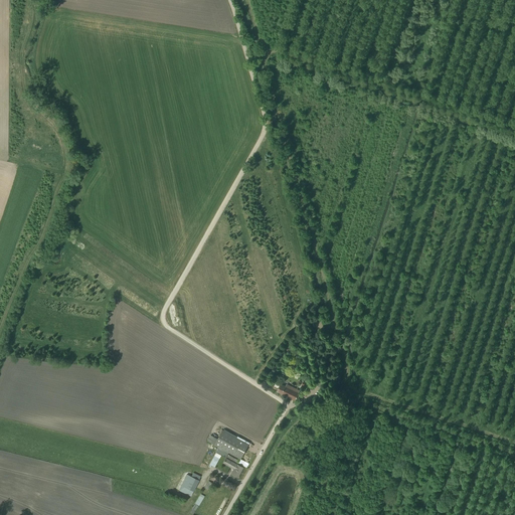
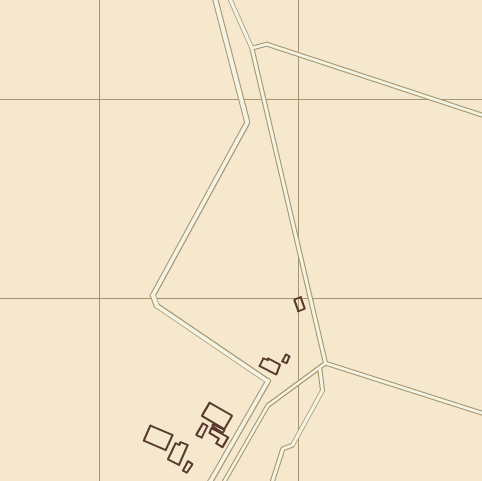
building: none -> [144,425,172,450]

